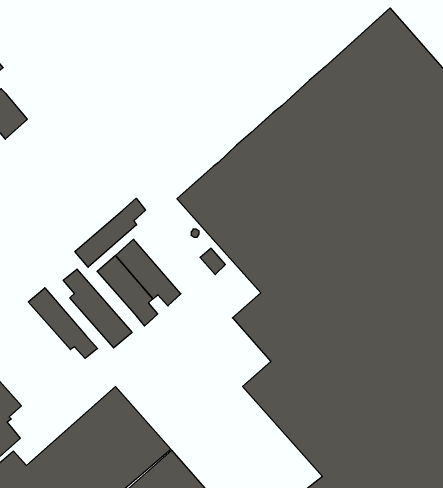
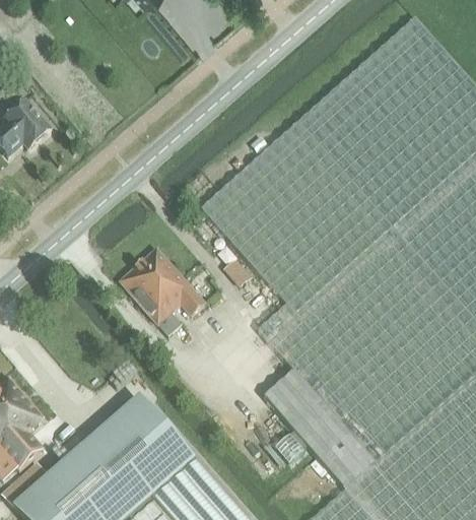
building: [75,198,146,267] -> none
building: [63,269,132,348] -> none
building: [28,288,98,358] -> none

